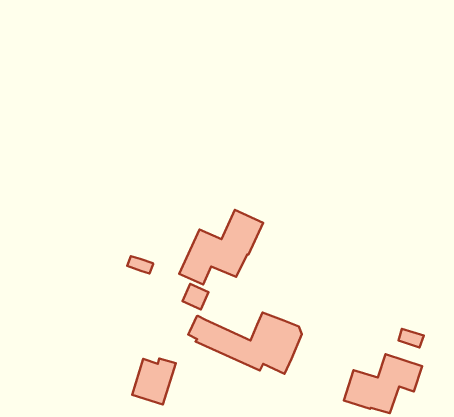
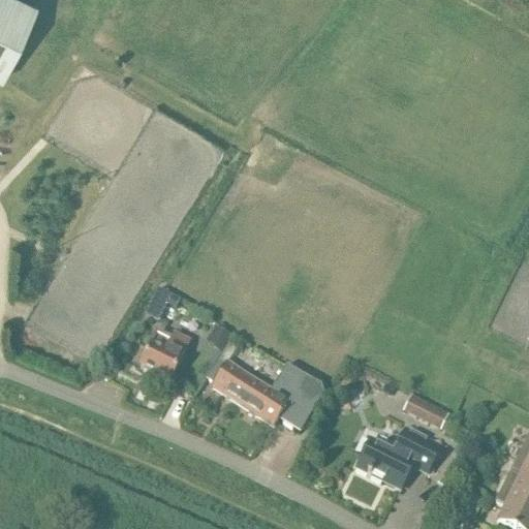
building: [179,210,263,284] -> none
building: [132,359,176,404] -> [139,329,189,378]

